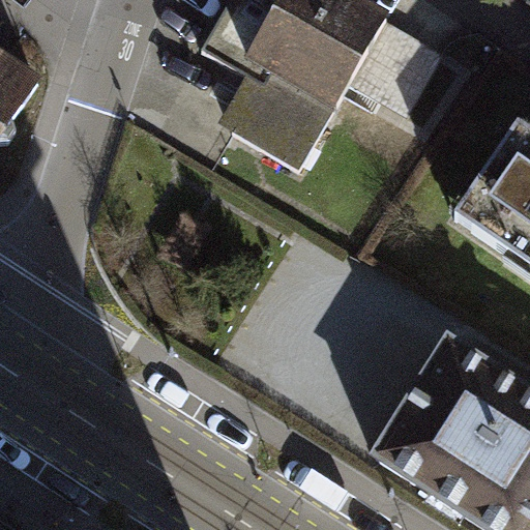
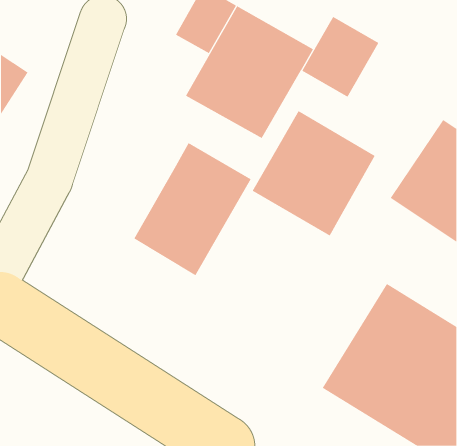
building: none -> [252,110,376,236]
building: none -> [134,142,251,276]

